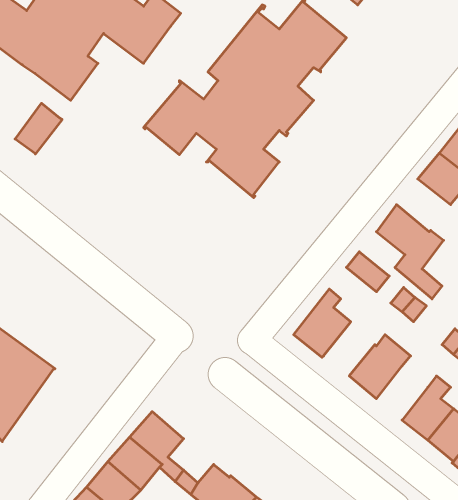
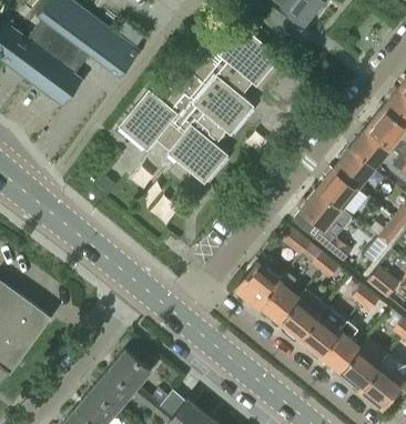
building: [15,103,62,154] -> none
building: none -> [316,169,358,210]
building: none -> [260,272,300,322]
building: none -> [301,314,341,356]

